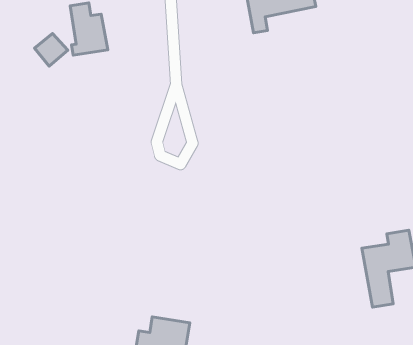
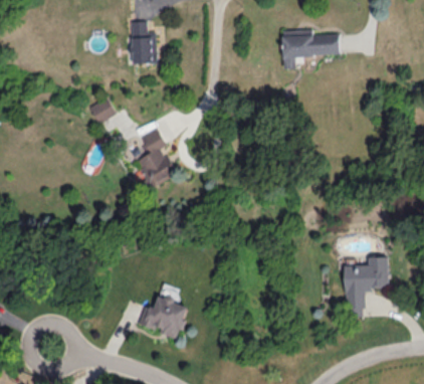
building: [34,34,68,66] -> [88,97,117,124]
building: none -> [135,129,175,191]

